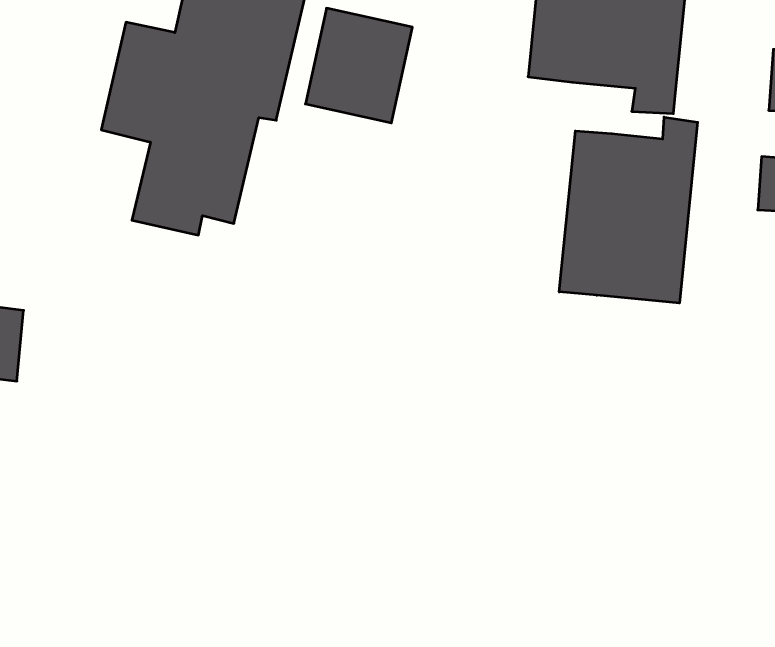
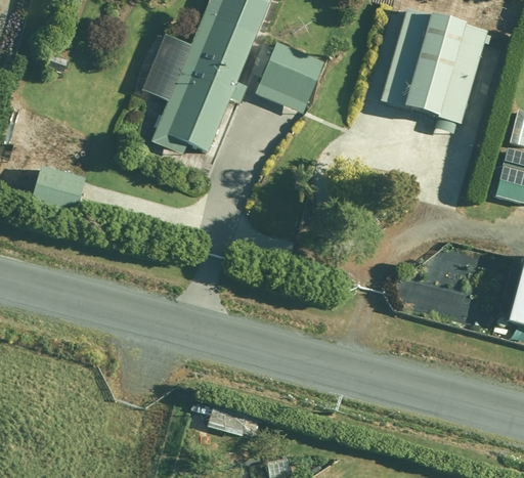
building: [559,117,698,303] -> none

